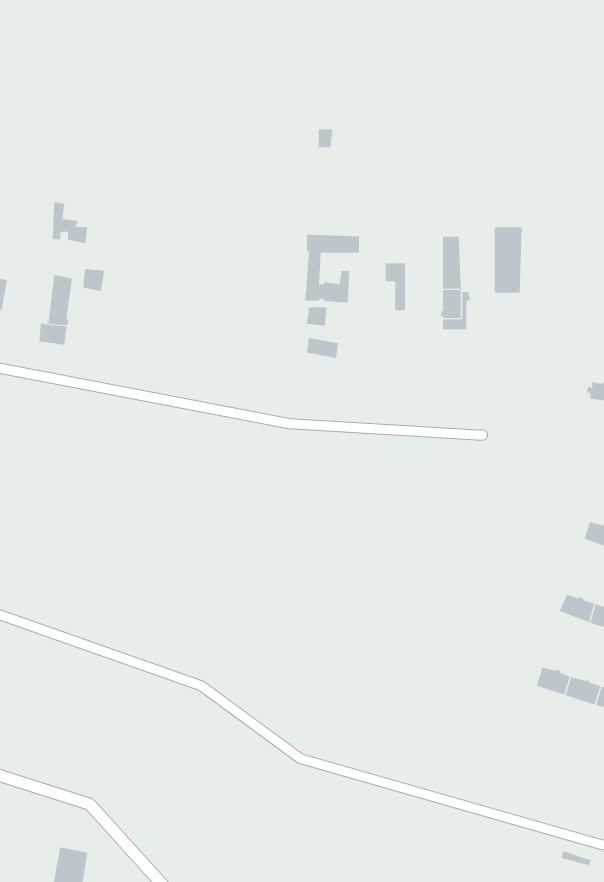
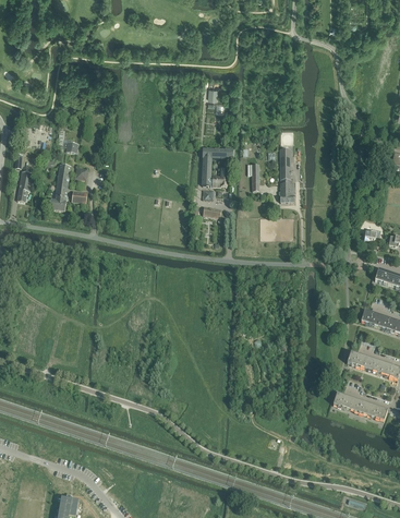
building: [494,226,522,294] -> none

